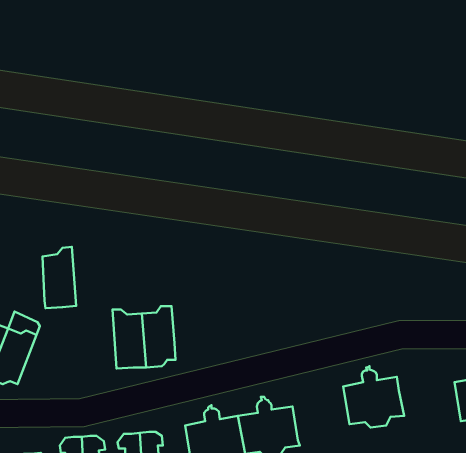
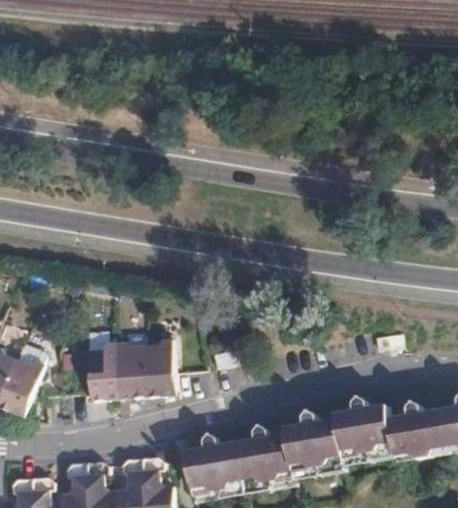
building: [42,247,76,308] -> [85,341,117,399]
building: none -> [385,400,444,458]
building: none -> [283,409,340,467]

